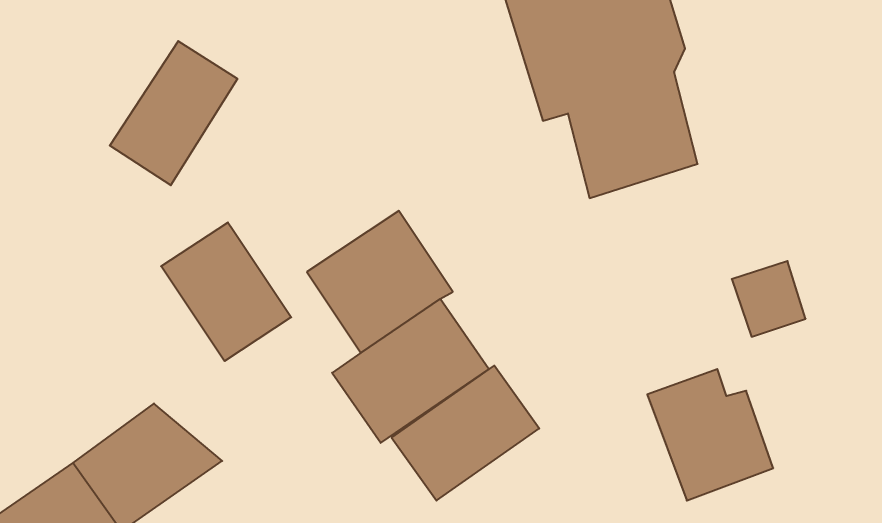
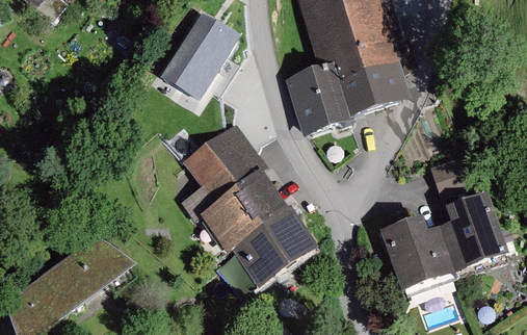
building: [110,41,238,185] -> [160,12,234,96]
building: none -> [289,68,347,135]
building: [161,222,291,361] -> none
building: none -> [437,194,507,273]

